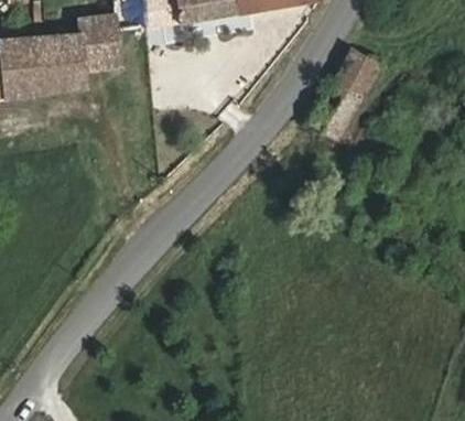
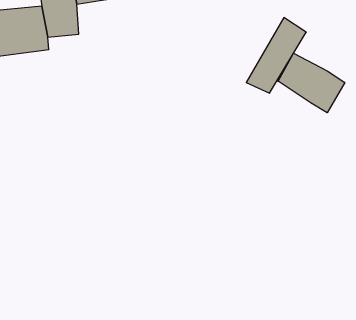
building: none -> [278,53,345,113]

